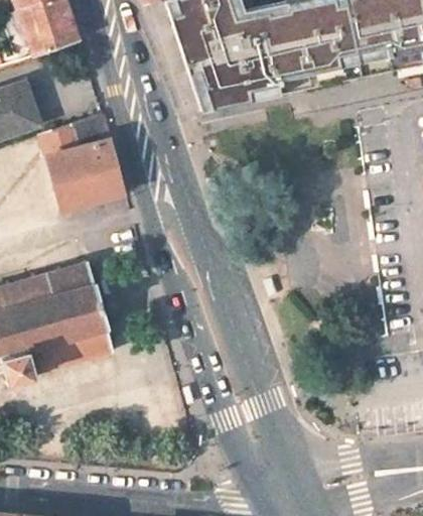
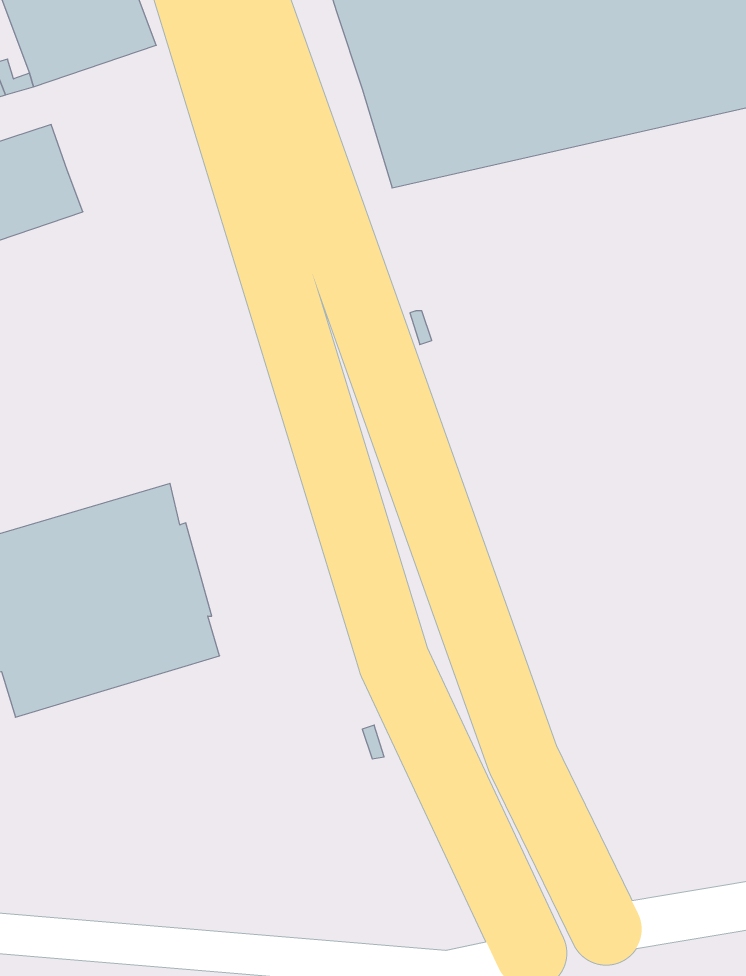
building: [40,112,125,208] -> none

